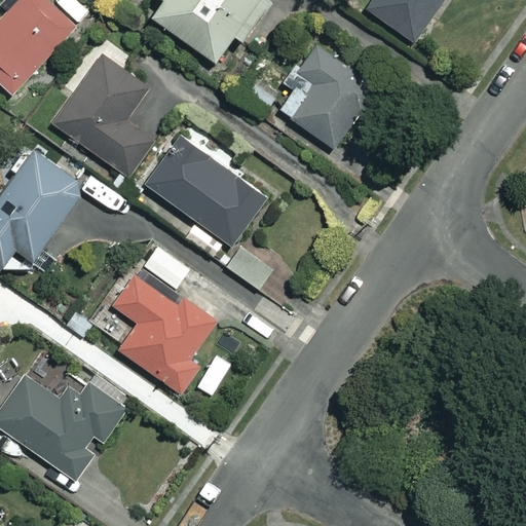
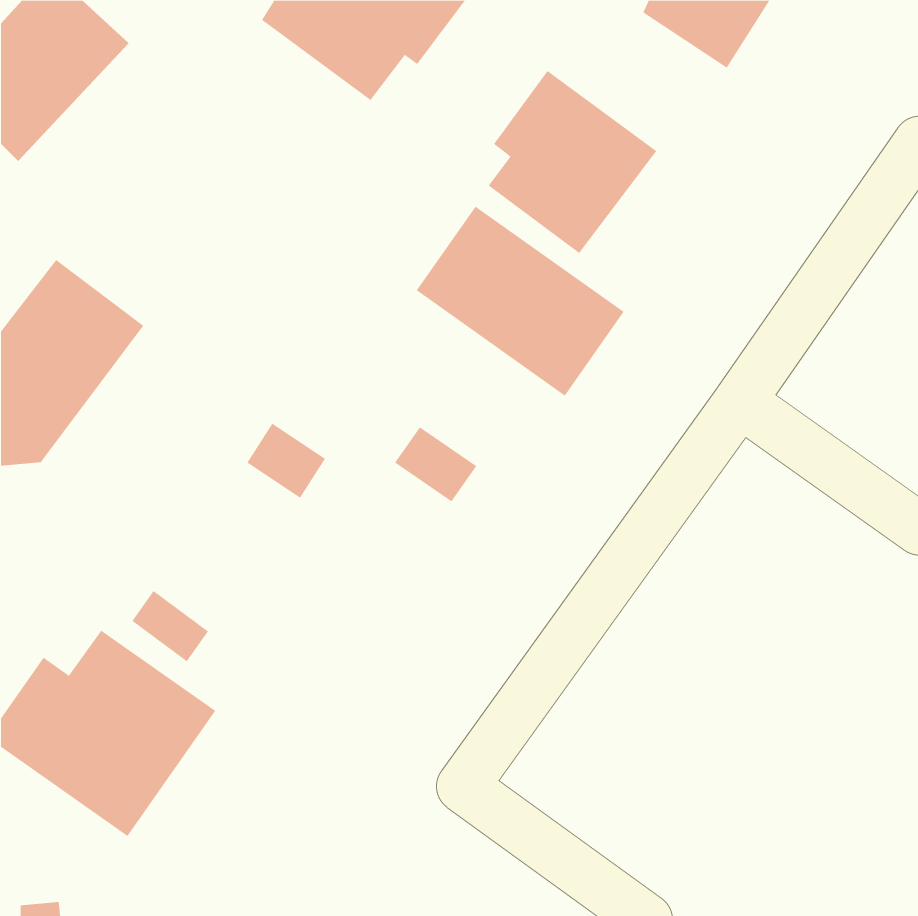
building: [53,53,156,176] -> none
building: [147,137,266,246] -> [416,206,625,396]
building: [112,274,215,393] -> none

